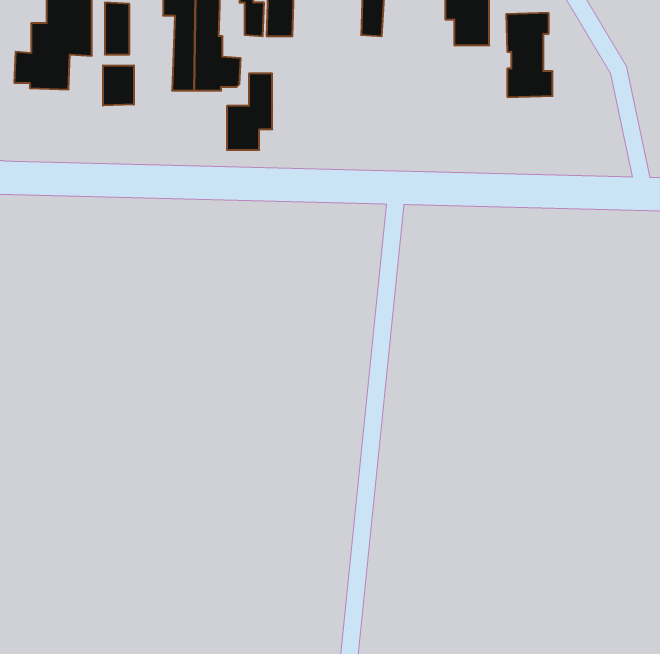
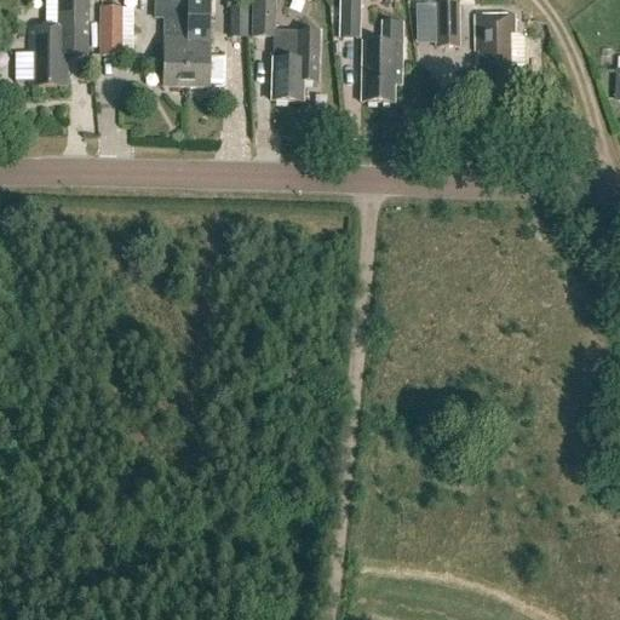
building: none -> [362,16,404,101]
building: [103,65,134,106] -> none
building: [227,74,272,150] -> [274,28,316,99]

